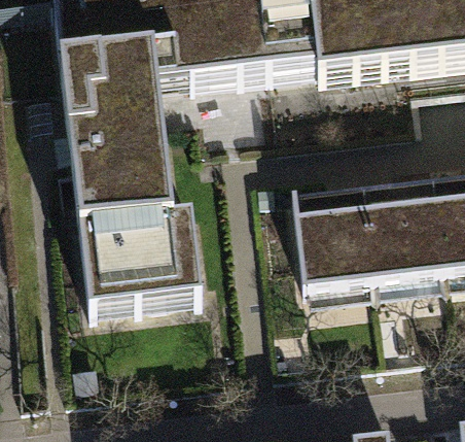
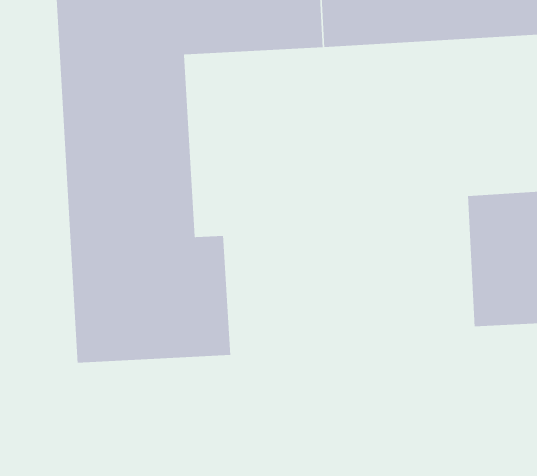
building: [297,188,379,292] -> none

